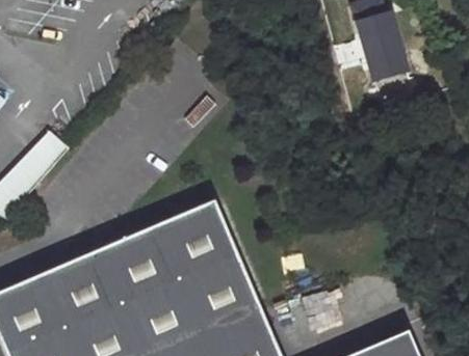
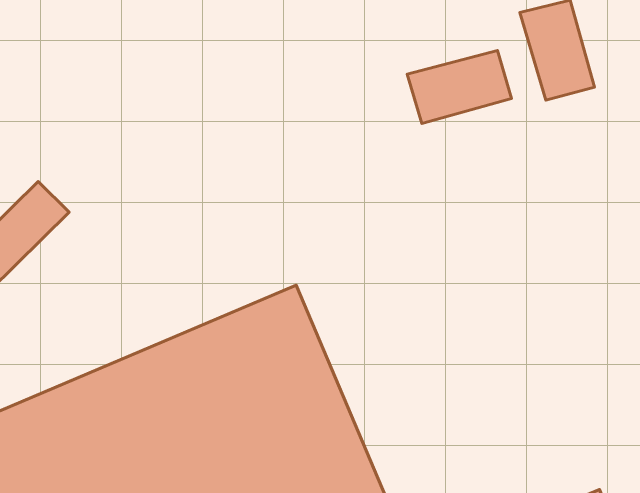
building: none -> [407,51,511,123]

